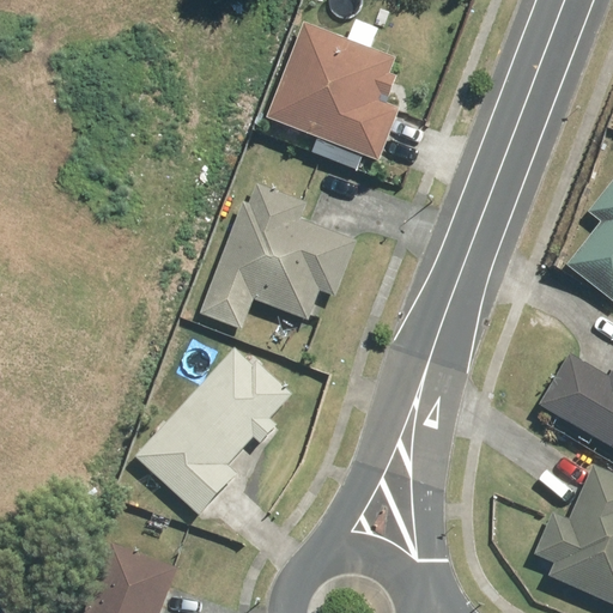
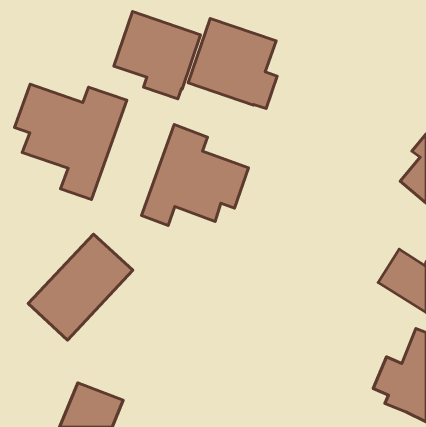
building: none -> [114,11,200,99]
building: none -> [14,84,127,199]
building: [139,356,289,508] -> [28,234,133,340]

